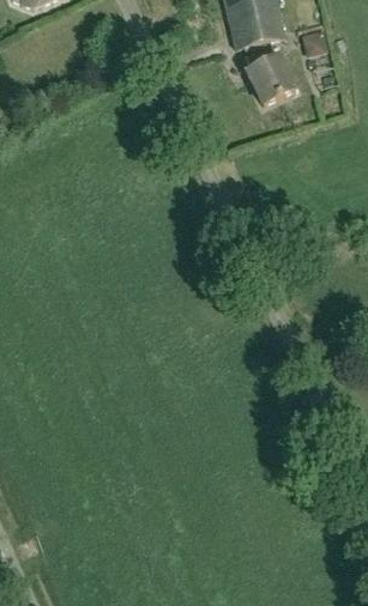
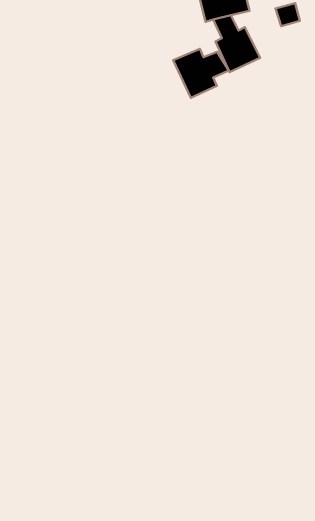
building: none -> [173,49,229,98]

